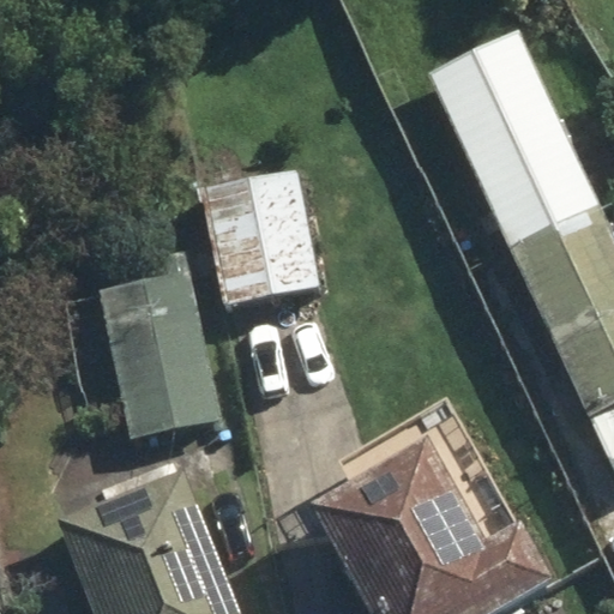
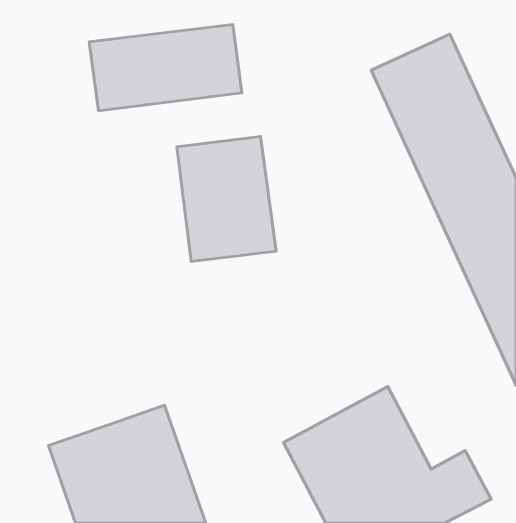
building: none -> [89,25,242,111]
building: [94,263,223,439] -> none

